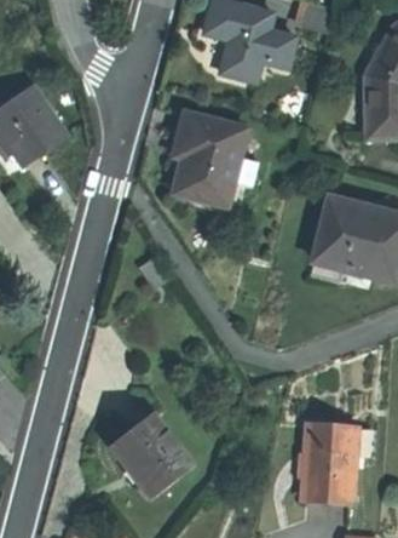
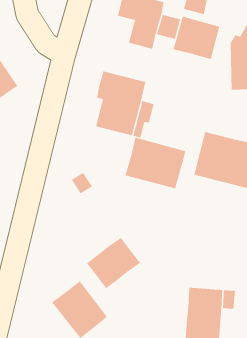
building: none -> [173,16,220,60]
building: none -> [125,137,186,189]
building: none -> [86,237,141,289]

